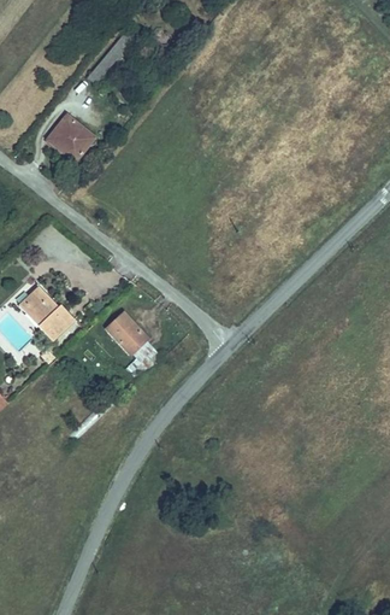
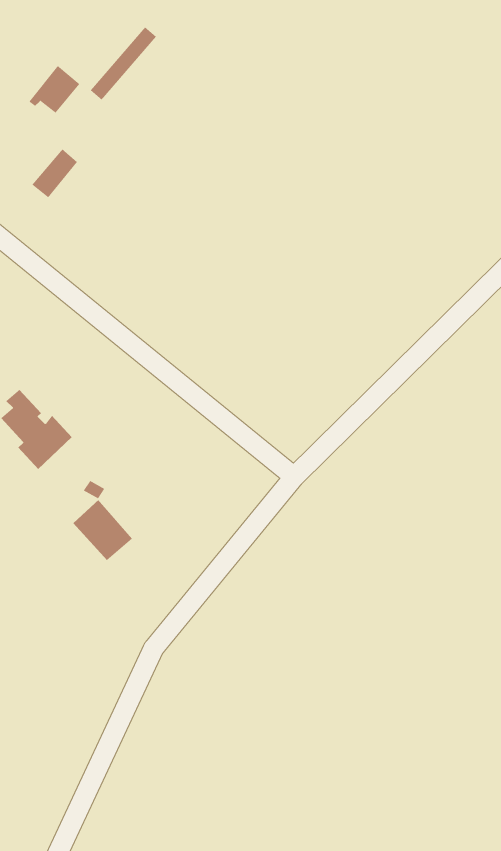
building: [57,125,93,159] -> [28,65,80,113]
building: [106,315,148,358] -> [73,499,133,561]

